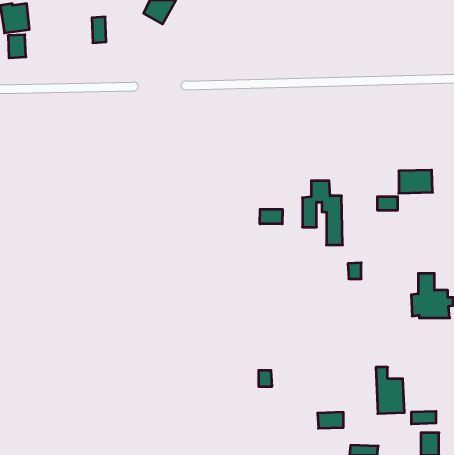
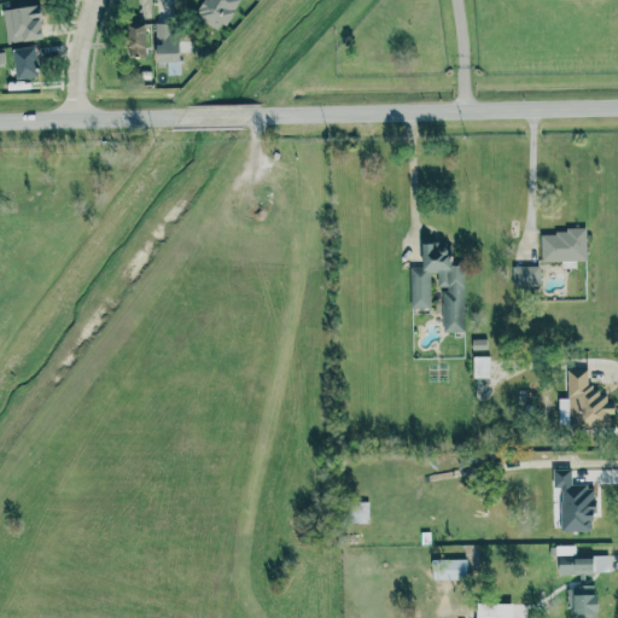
building: none -> [156,22,179,63]
building: [260,209,282,224] -> none
building: [376,367,404,414] -> [556,470,595,532]

